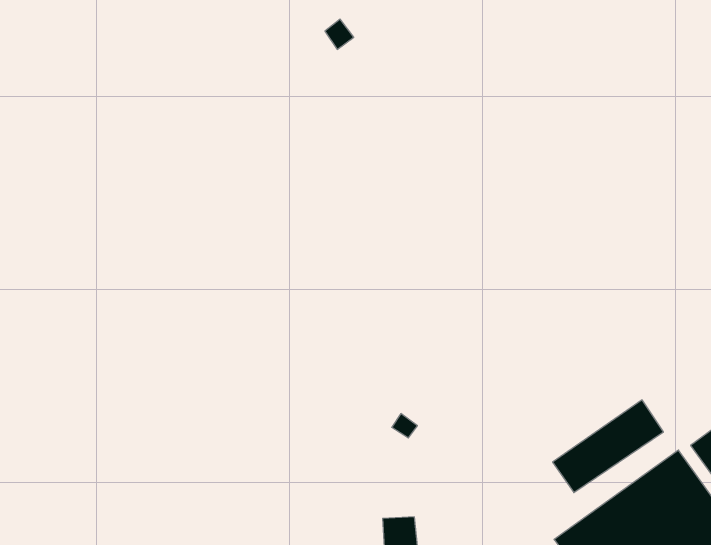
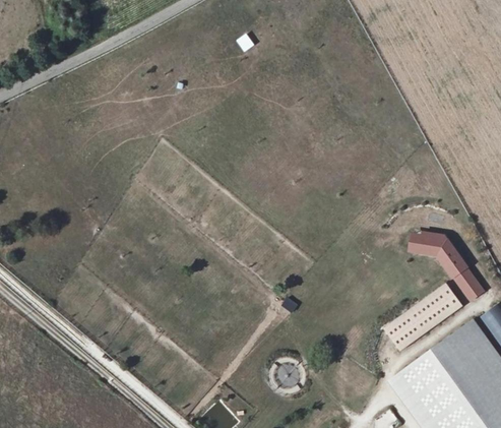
building: none -> [410,230,485,299]

